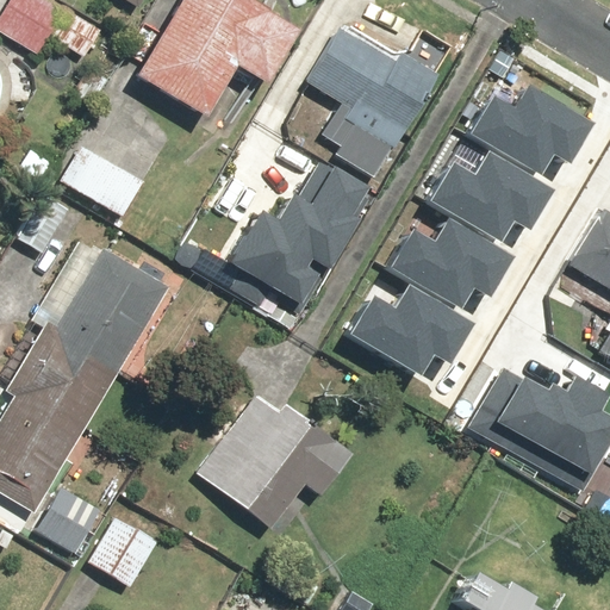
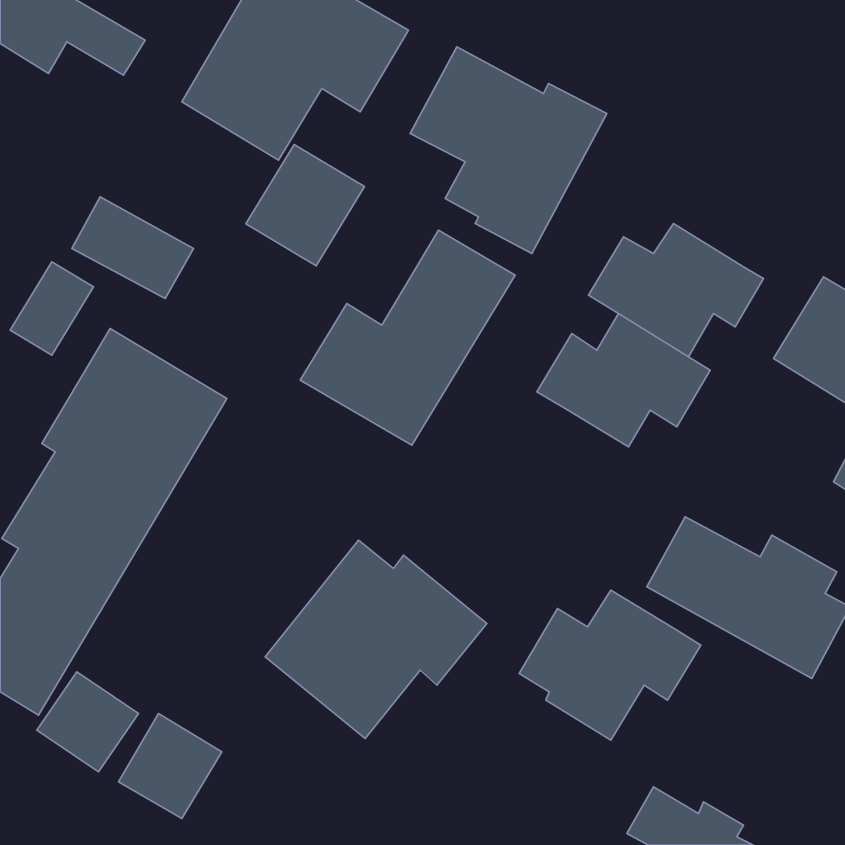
building: [467,92,591,191] -> none
building: none -> [246,144,365,266]
building: [343,292,473,399] -> [519,590,701,740]

